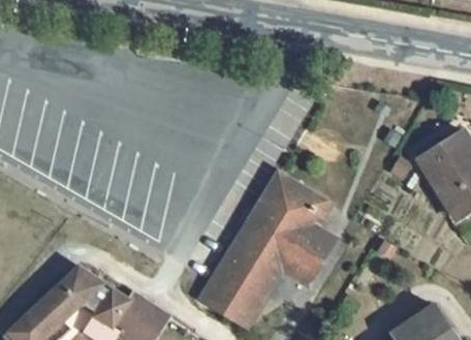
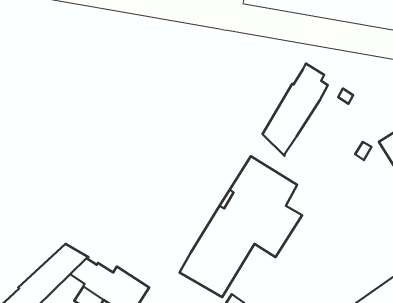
building: none -> [263,64,328,156]

